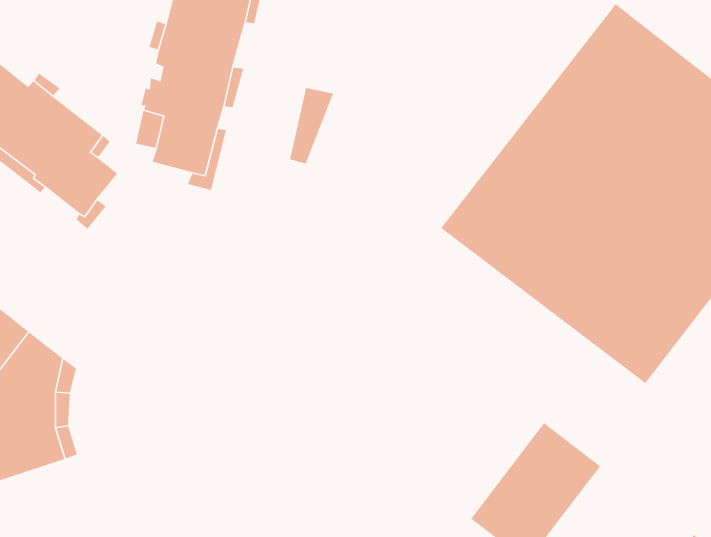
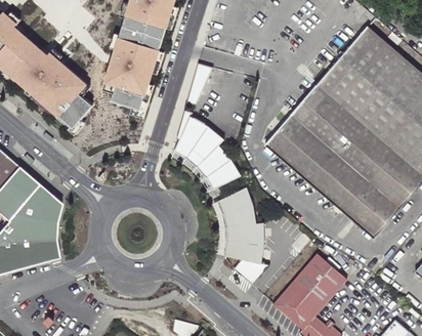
building: none -> [173,109,241,187]
building: none -> [218,187,267,284]

